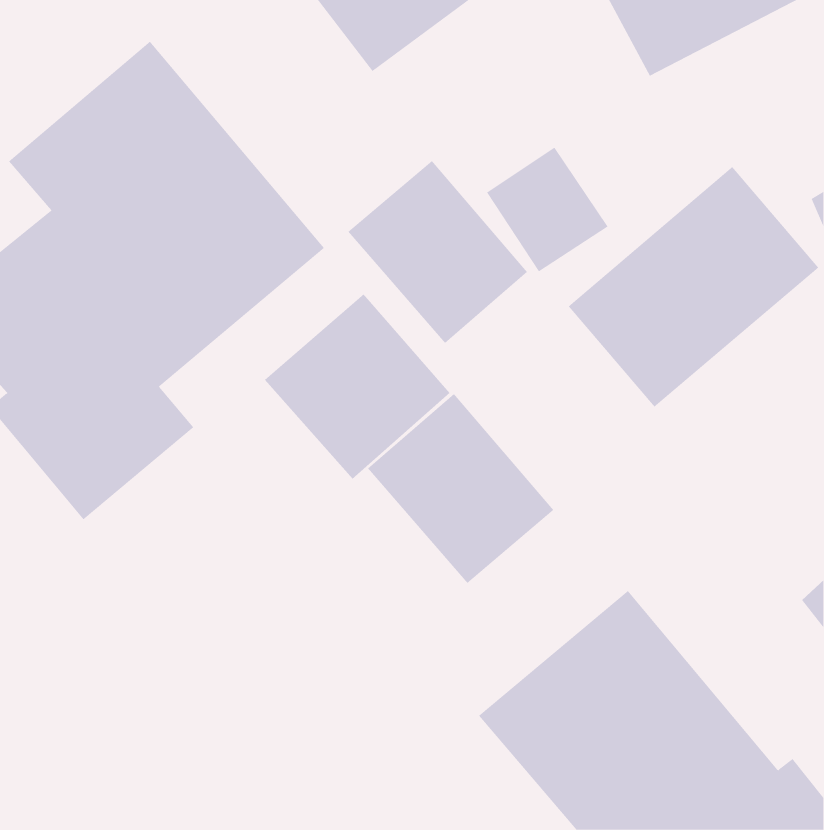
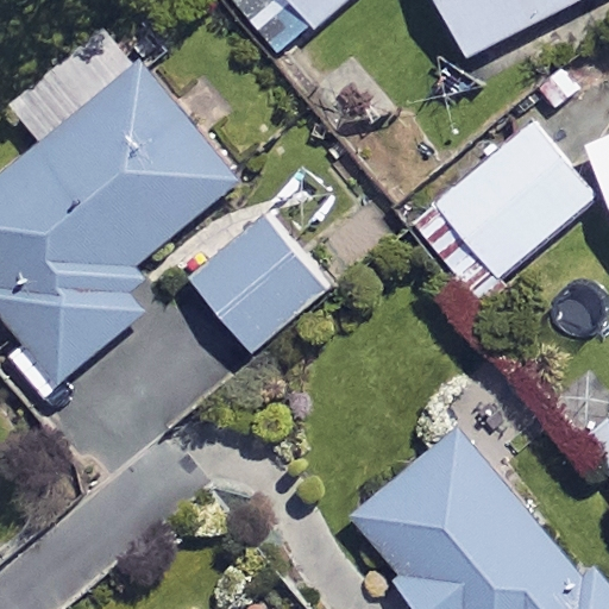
building: [348,160,528,344] -> none
building: [367,393,554,584] -> none

